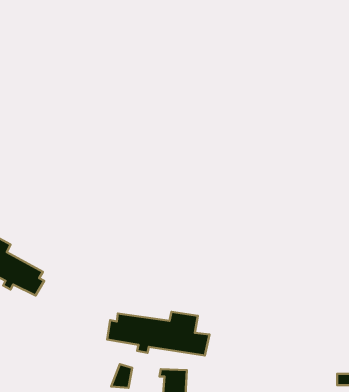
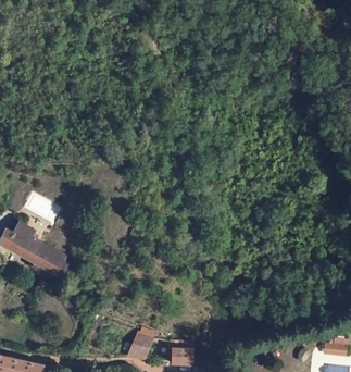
building: [107,312,209,356] -> none

